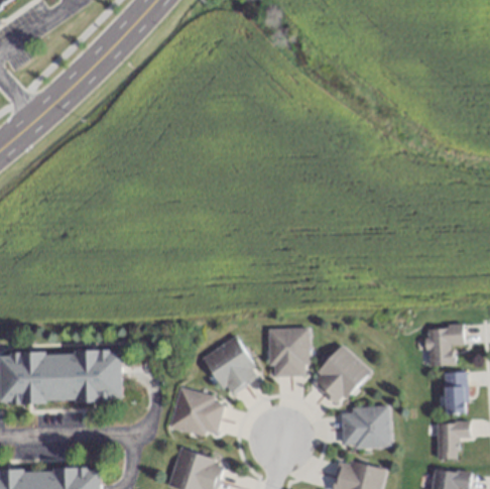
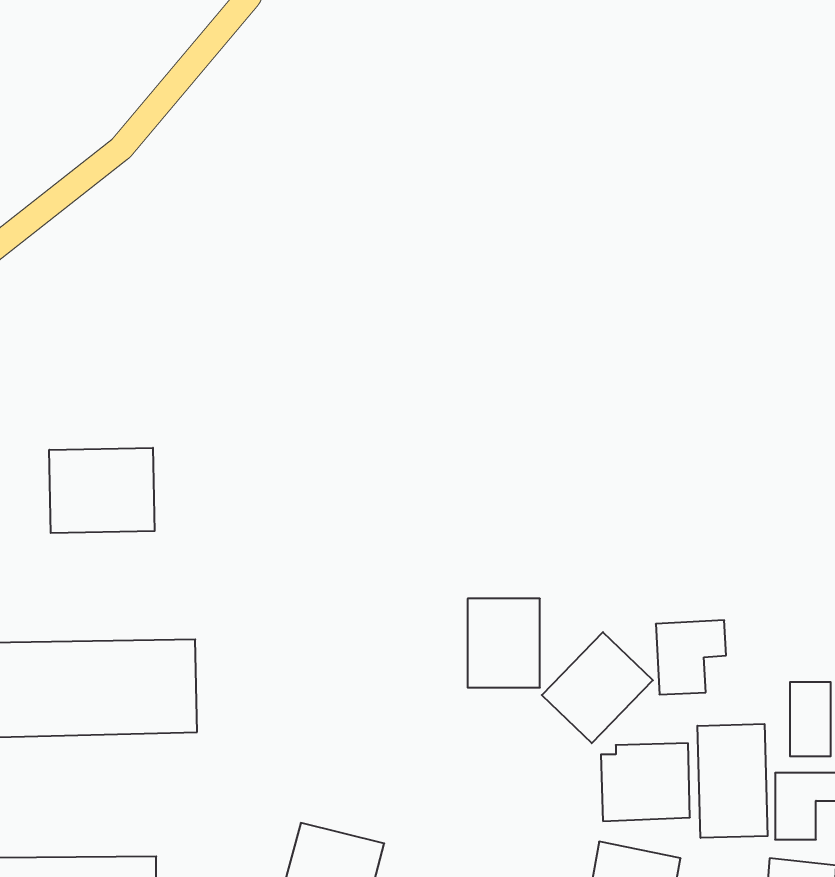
building: none -> [49,448,155,533]
building: [425,326,464,366] -> [656,620,726,694]
building: [203,337,260,396] -> none
building: [169,389,224,438] -> none
building: none -> [697,724,768,838]

